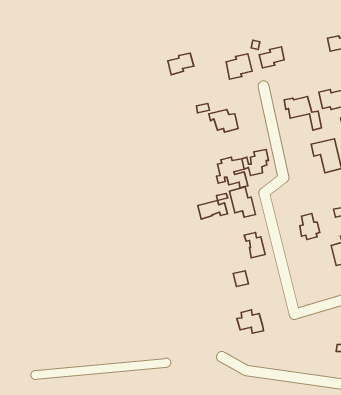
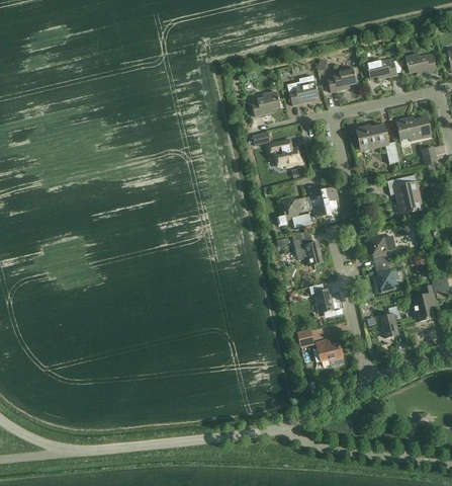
building: none -> [366,59,397,77]
building: [168,53,194,75] -> [251,91,281,116]
building: none -> [366,234,396,264]
building: [198,201,227,219] -> none
building: none -> [380,306,401,337]
building: [237,310,264,333] -> [312,338,344,366]

